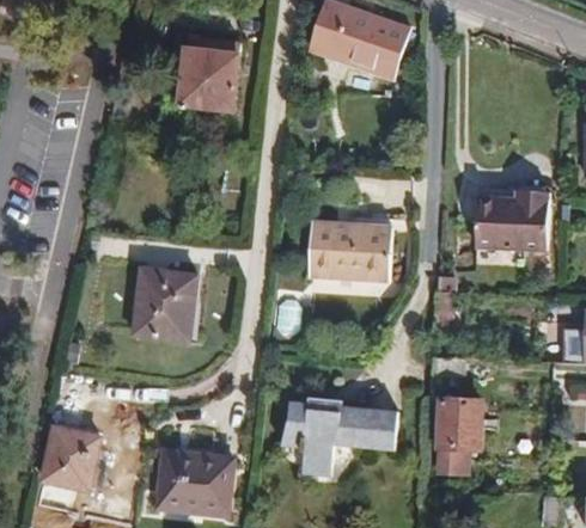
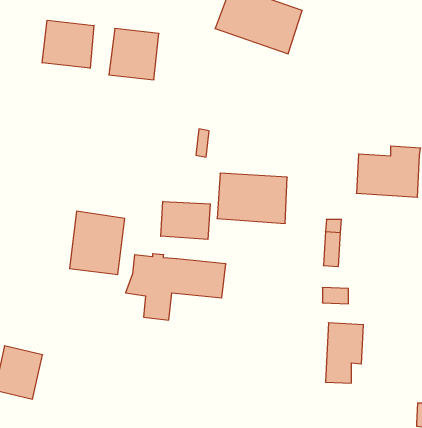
building: none -> [42,20,94,68]
building: none -> [161,201,210,239]
building: [279,398,398,477] -> [126,254,226,320]
building: [158,450,233,515] -> none

